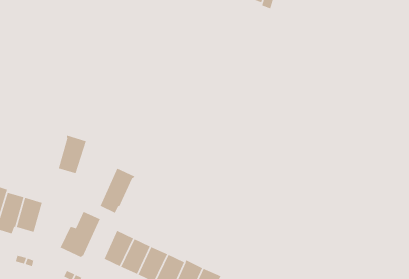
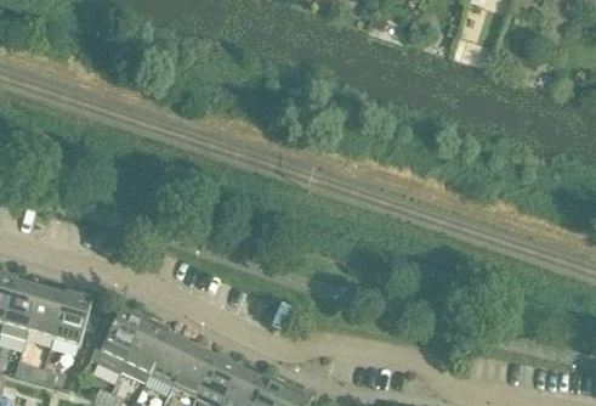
building: [58,135,87,174] -> [55,291,95,345]
building: [99,168,135,214] -> [123,318,172,383]

